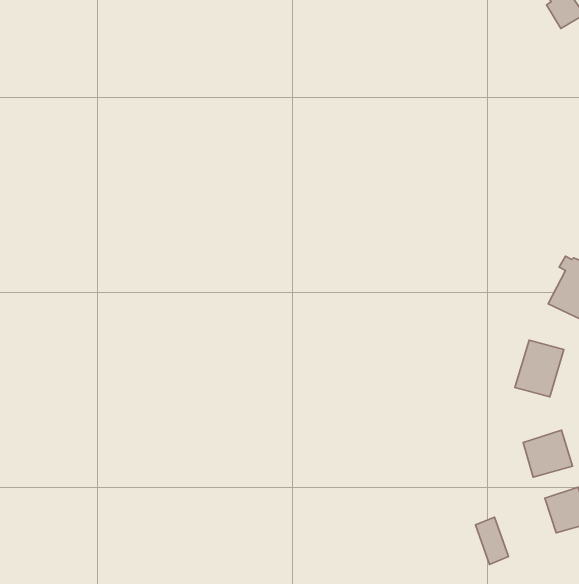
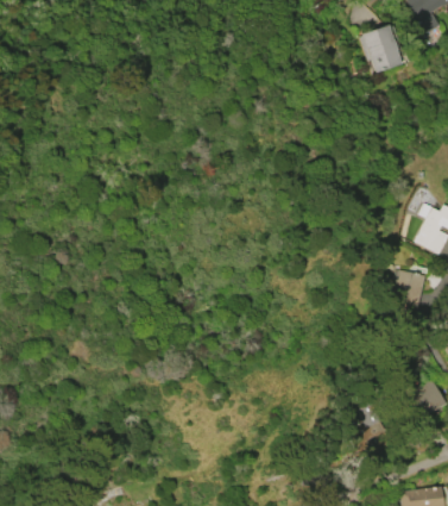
building: none -> [361,24,403,73]
building: [523,430,572,477] -> none

